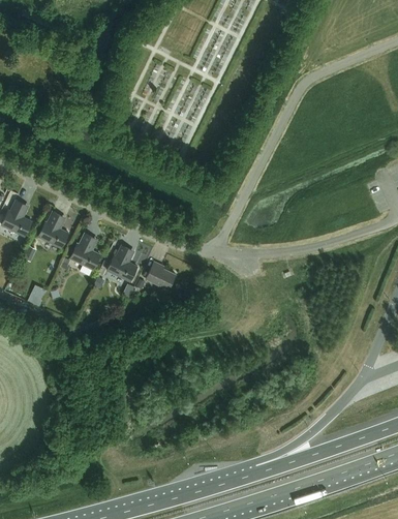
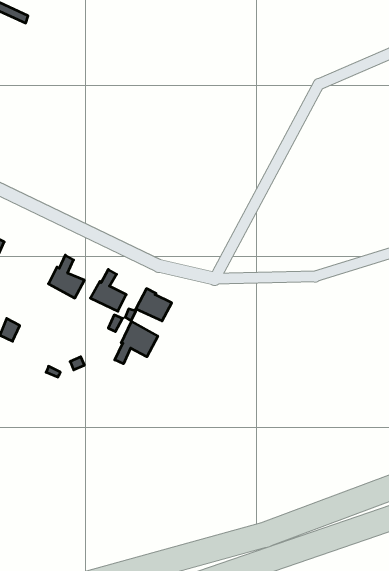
building: [38,211,69,248] -> none
building: none -> [115,321,158,364]

